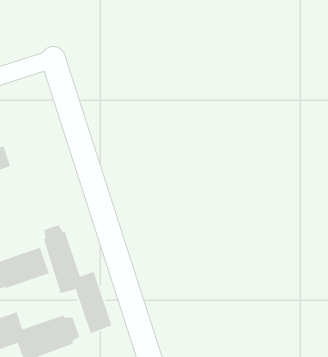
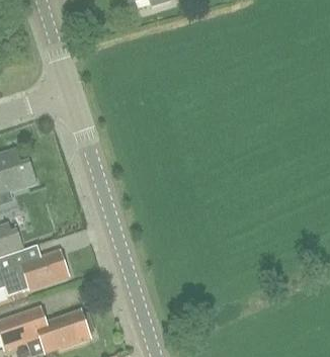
building: [43,224,112,334] -> none

